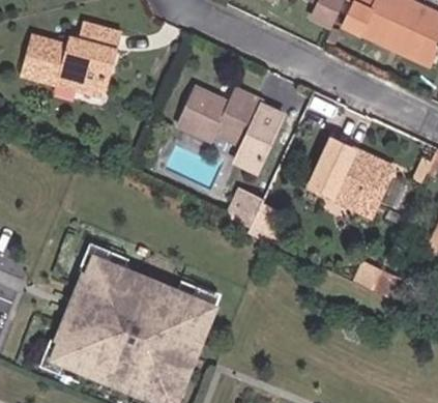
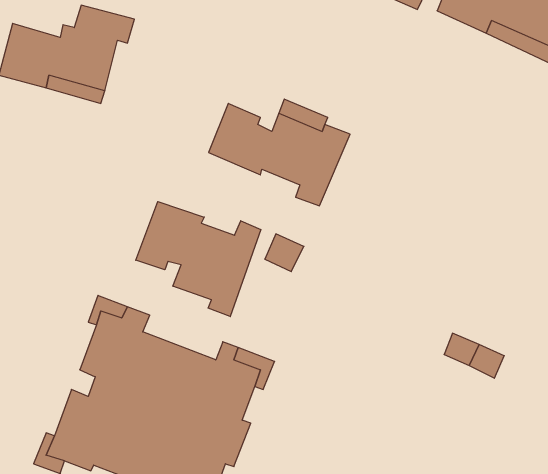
building: [313,143,392,214] -> none
building: none -> [136,202,261,317]

